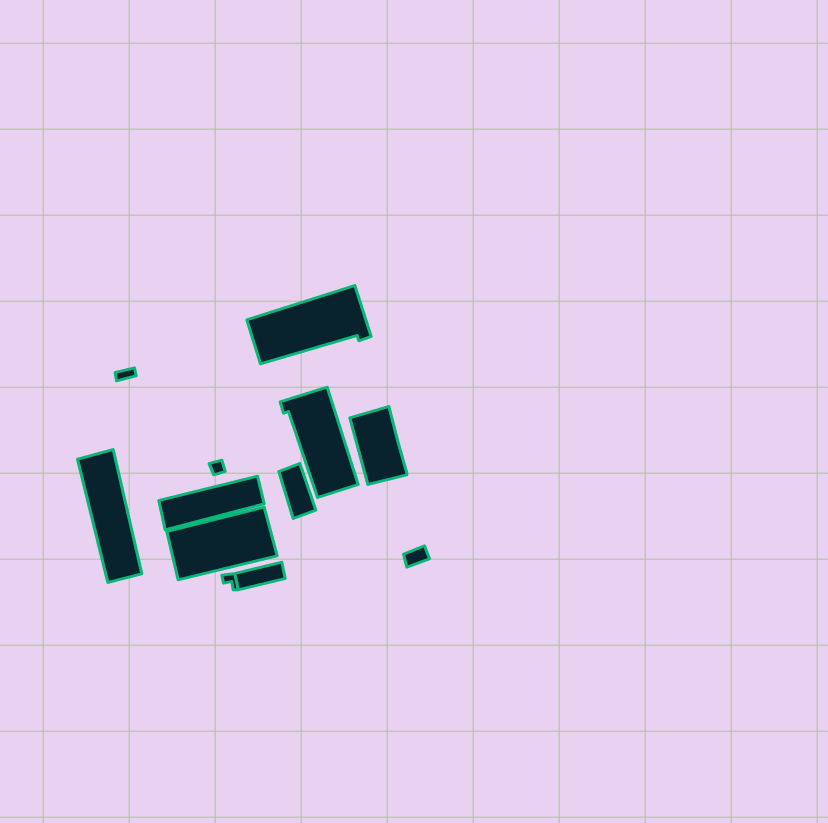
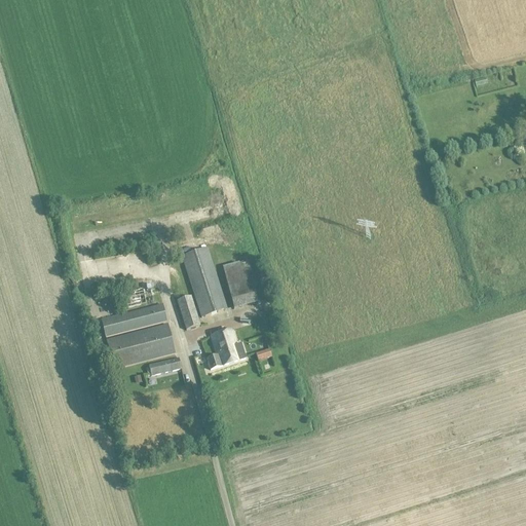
building: [247,286,371,364] -> none
building: [77,449,142,583] -> none
building: none -> [206,329,246,368]

